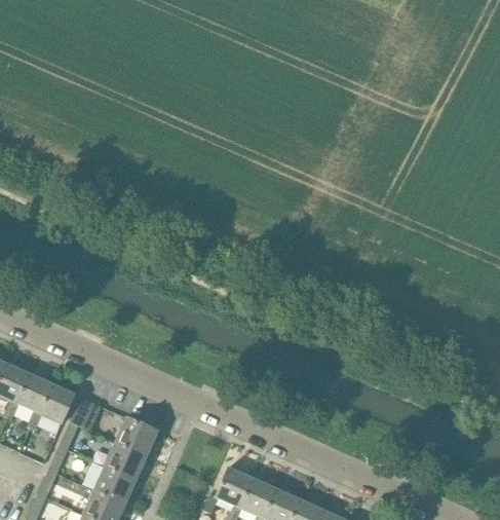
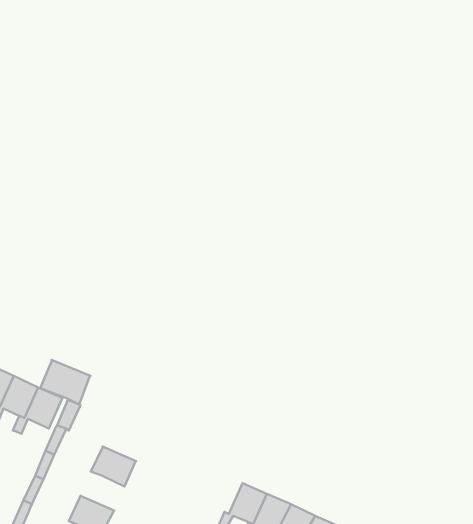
building: none -> [40,360,90,404]
building: [114,416,157,455] -> none
building: [92,466,136,504] -> none
building: [203,467,251,512] -> none

